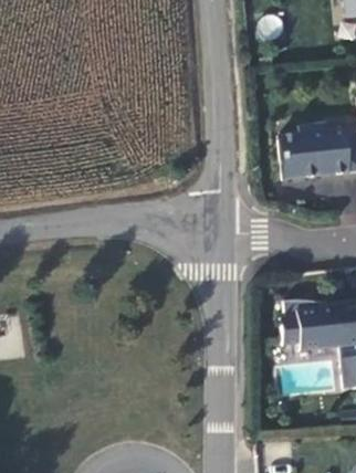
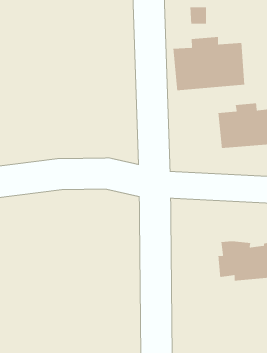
building: none -> [172,36,245,91]

